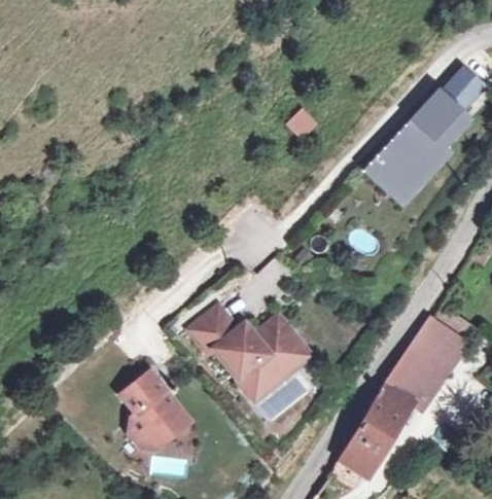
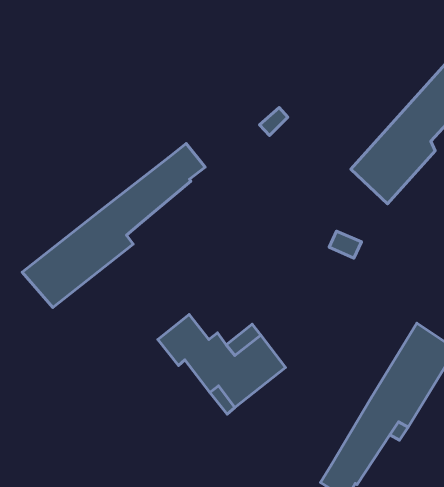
building: none -> [22,144,205,308]
building: [119,371,188,449] -> none

